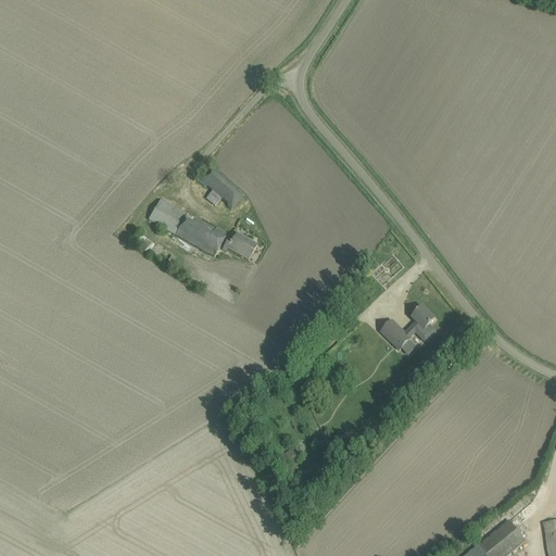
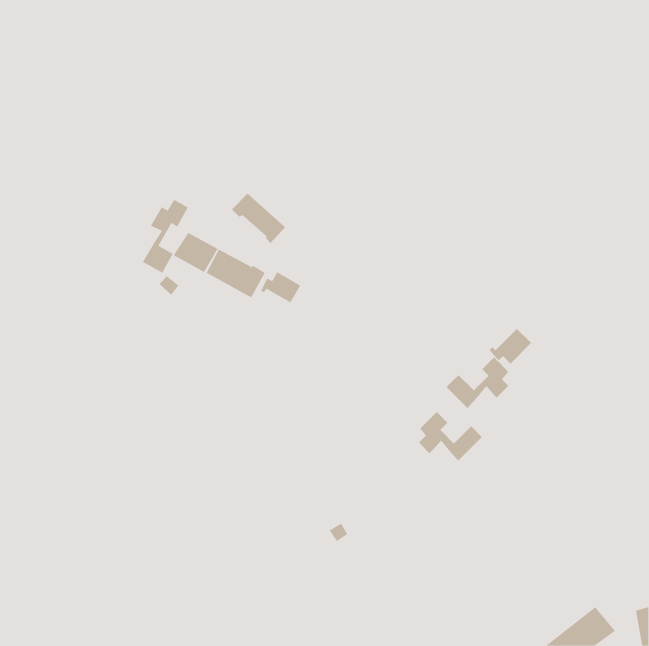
building: none -> [142,199,188,273]
building: none -> [489,328,532,364]
building: none -> [418,411,483,461]

